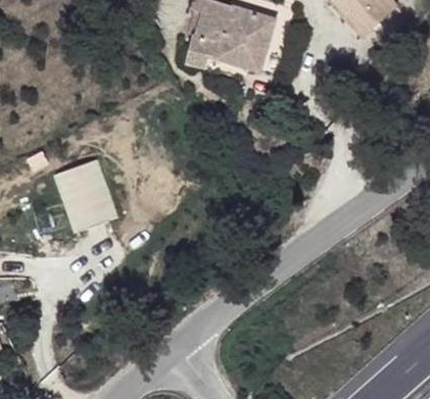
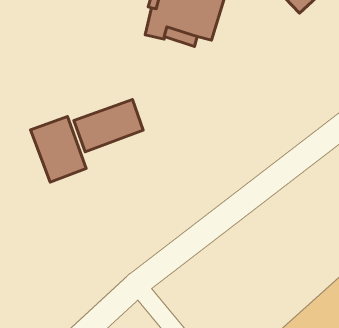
building: none -> [74,100,143,152]

